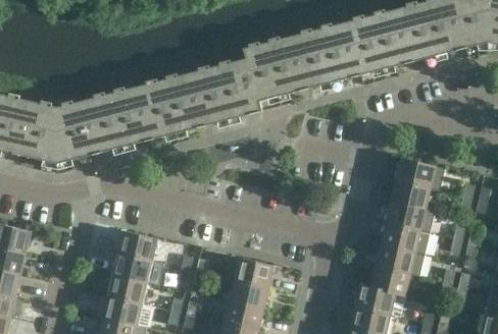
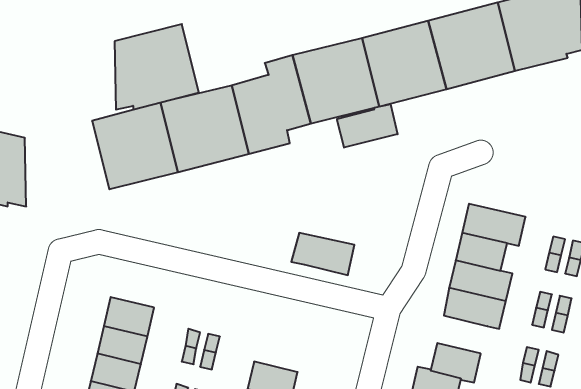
building: none -> [337,104,398,148]
building: [57,94,122,160] -> [115,24,199,110]
building: [377,244,425,276] -> none
building: [225,256,273,288] -> [291,233,354,275]

